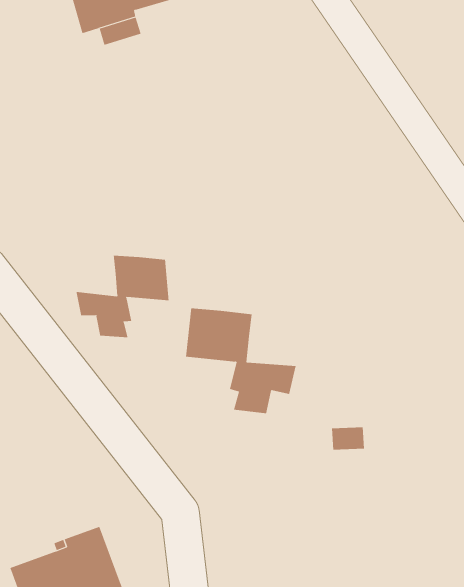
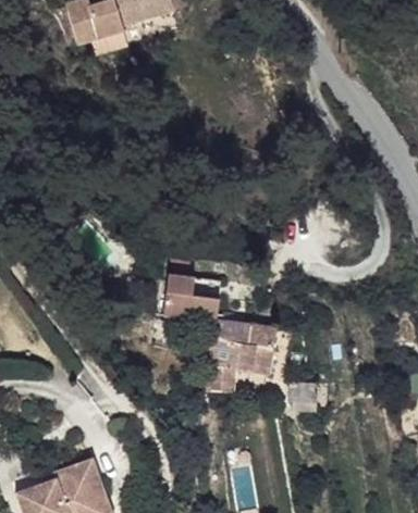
building: [76,255,169,338] -> none
building: none -> [196,324,275,391]

